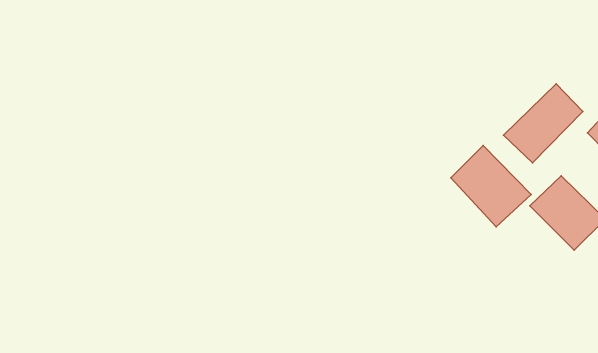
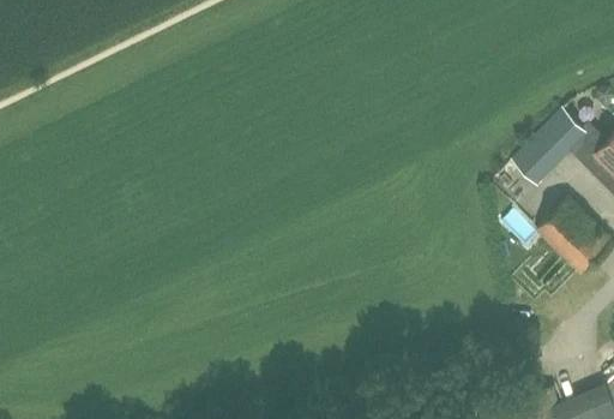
building: [451,145,531,227] -> none

